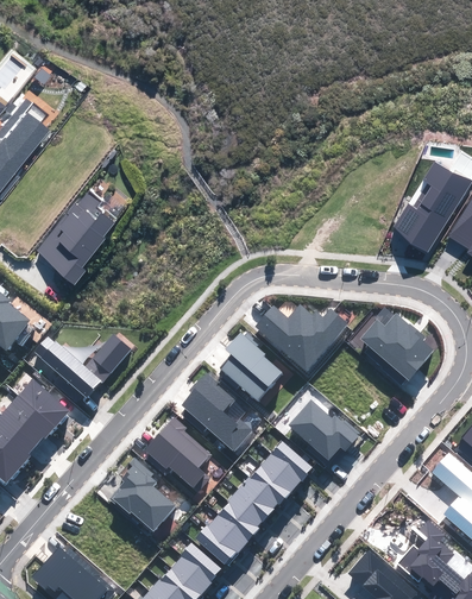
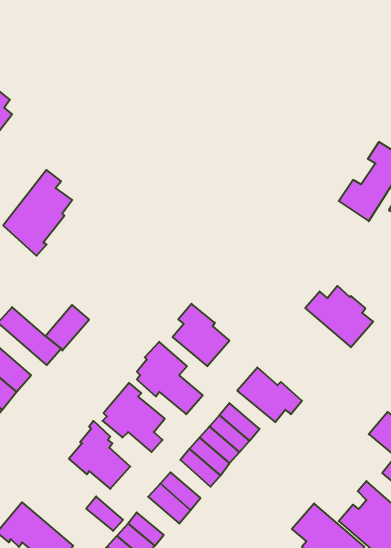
building: [254,305,346,372] -> none
building: [216,500,259,541] -> none
building: [181,543,220,580] -> [86,496,123,531]

